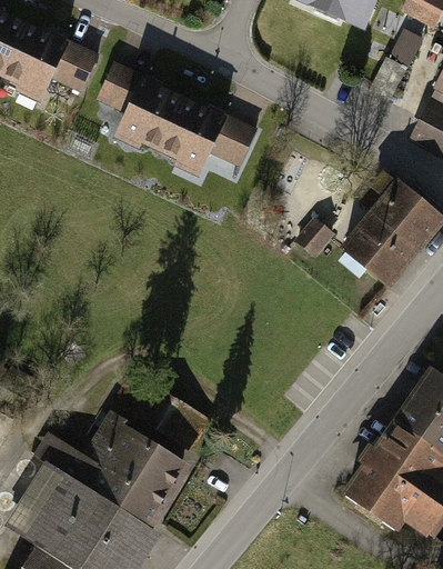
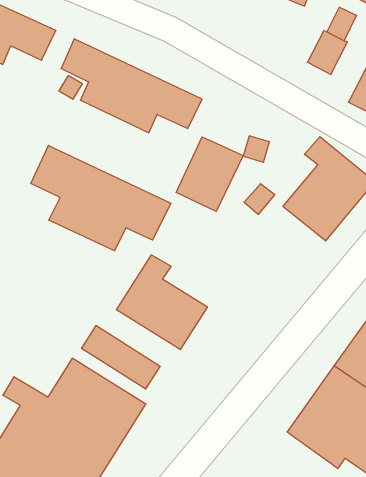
building: none -> [176,137,243,211]
building: none -> [31,145,171,251]
building: none -> [117,255,207,350]

